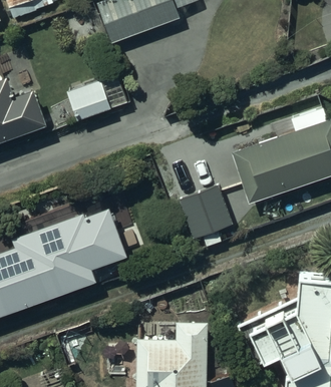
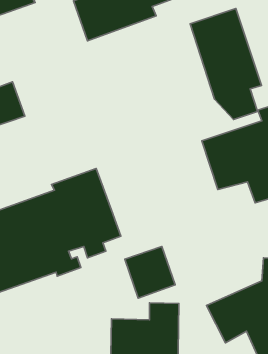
building: none -> [190,8,261,120]
building: [65,77,127,121] -> none
building: [180,184,233,239] -> [125,247,175,298]

